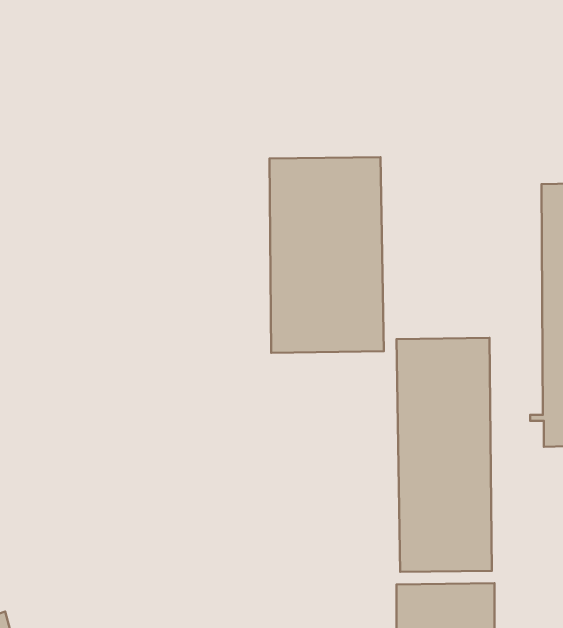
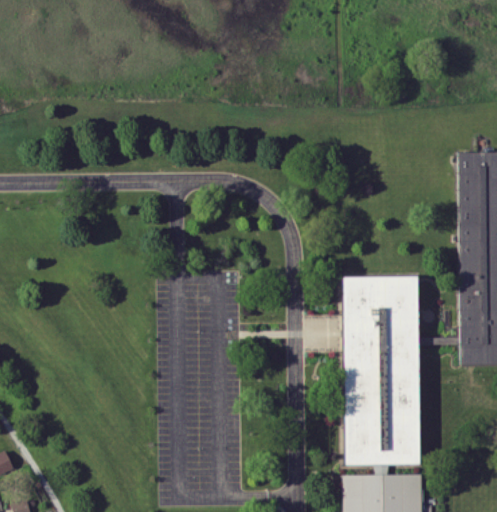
building: [269,157,384,353] -> none

